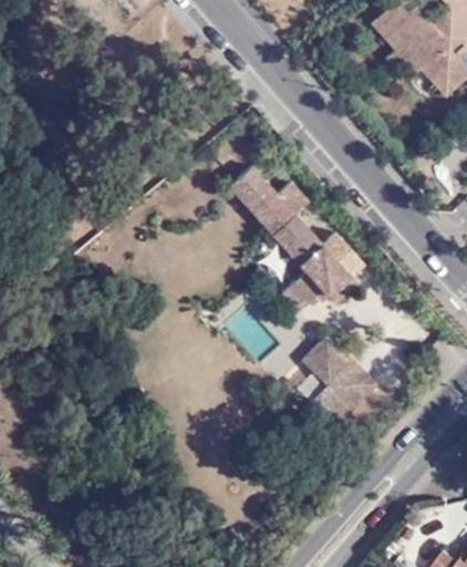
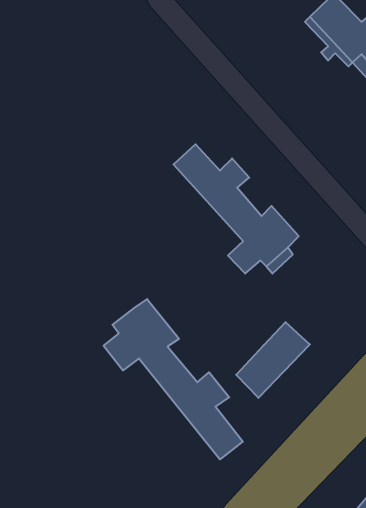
building: none -> [104,299,243,459]
building: [301,334,351,384] -> none

